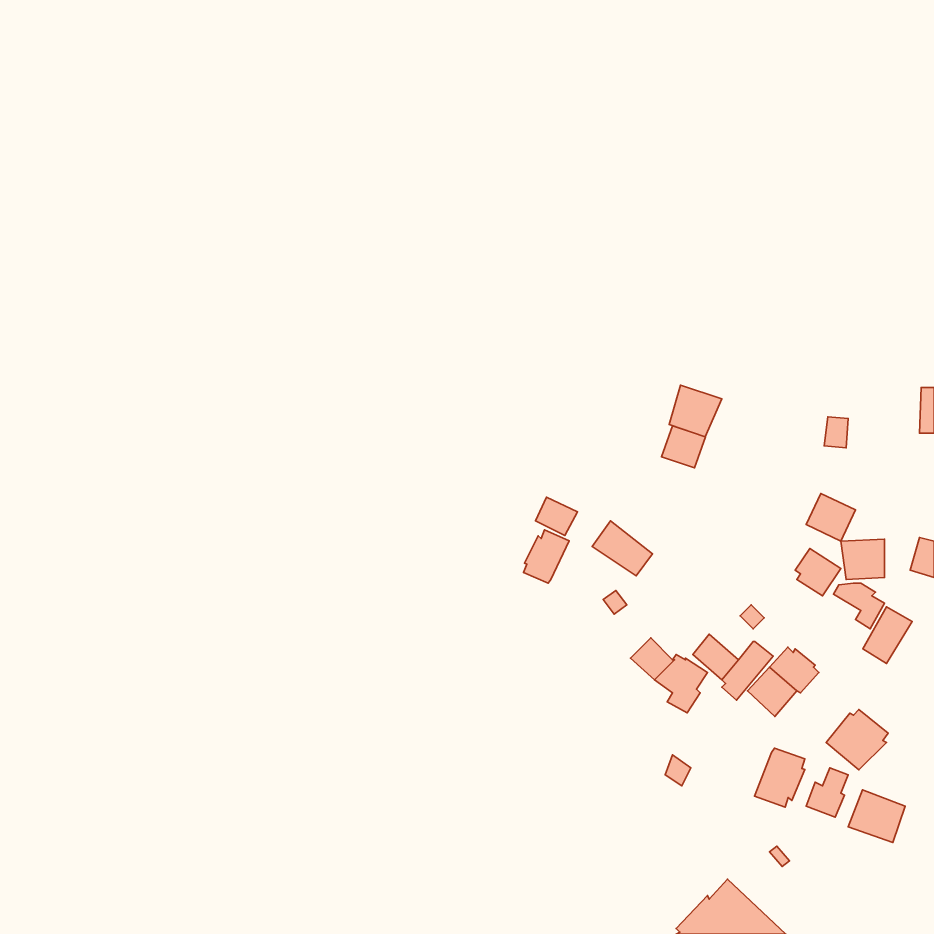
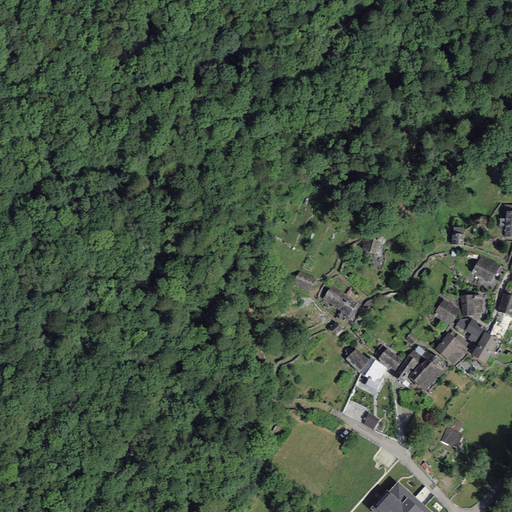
building: [669,385,722,437] -> none
building: [806,494,855,541] -> [472,256,499,282]
building: [523,530,569,583] -> none
building: [826,710,888,770] -> [435,331,469,364]
building: [755,748,805,807] -> none
building: [848,790,905,842] -> none

